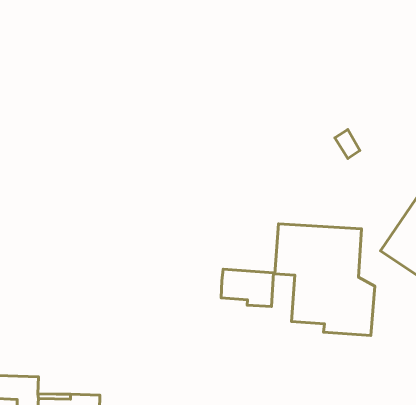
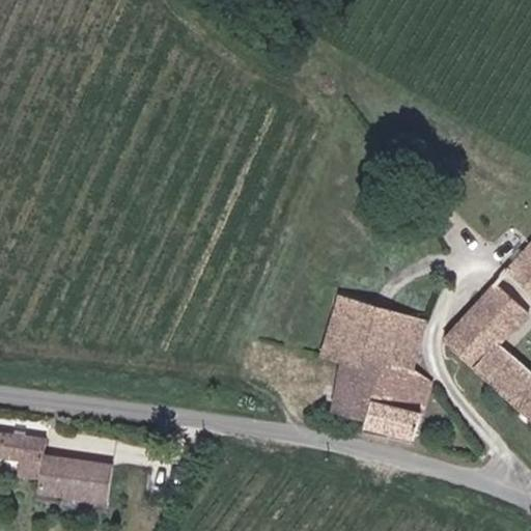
building: [221,269,274,307] -> none

